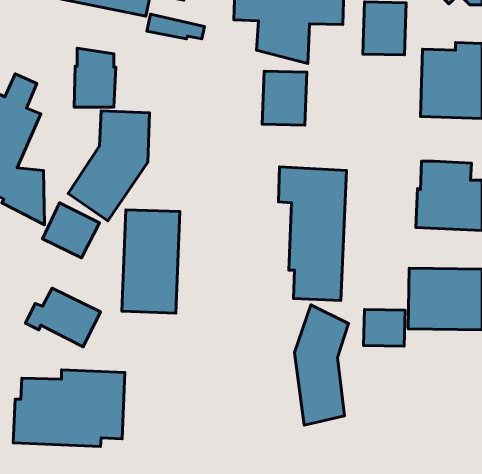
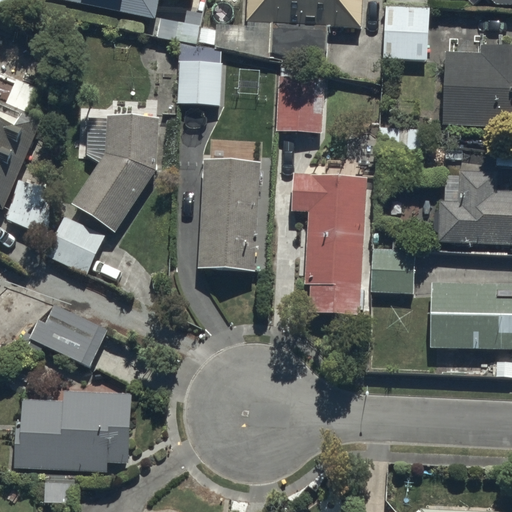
building: [74,48,116,107] -> [178,41,222,103]
building: [122,210,180,313] -> [199,162,260,271]
building: [295,305,349,425] -> none
building: [363,309,405,346] -> [370,251,414,290]

